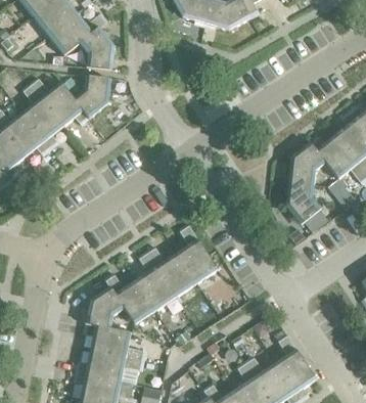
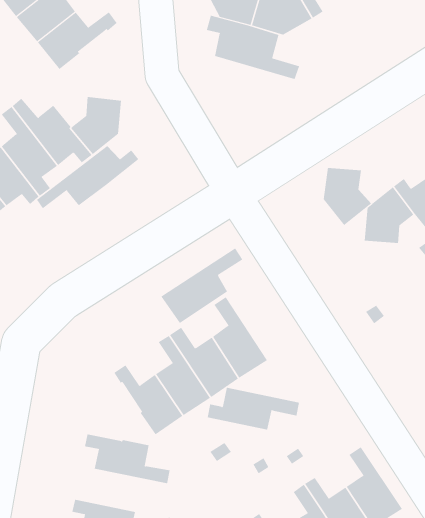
building: none -> [206,15,300,80]
building: [80,27,116,71] -> none
building: none -> [36,145,139,209]
building: [286,182,322,225] -> [323,167,372,226]
building: none -> [161,247,243,324]
building: [86,286,126,329] -> none
building: [77,350,145,382] -> [207,387,300,430]

